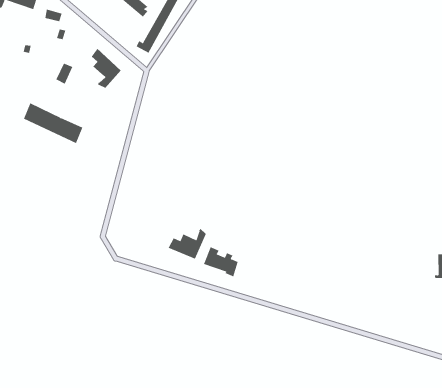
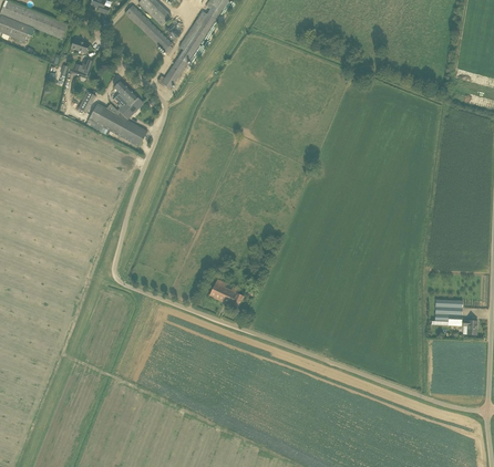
building: [23,102,83,144] -> [89,102,146,145]
building: [168,228,206,260] -> none

